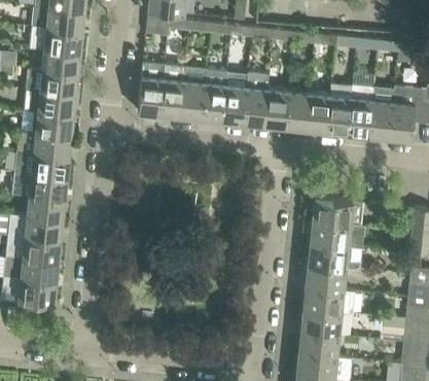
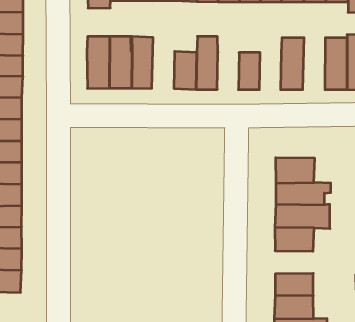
building: [201,69,227,120] -> none
building: [348,83,374,136] -> none
building: [264,90,289,128] -> none
building: [306,94,330,132] -> none
building: [303,288,356,316] -> none

